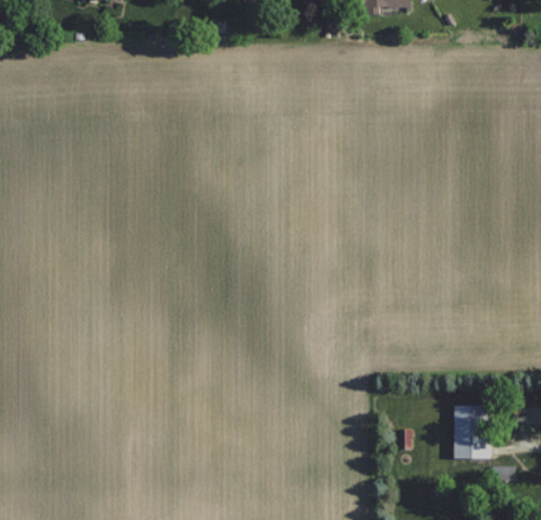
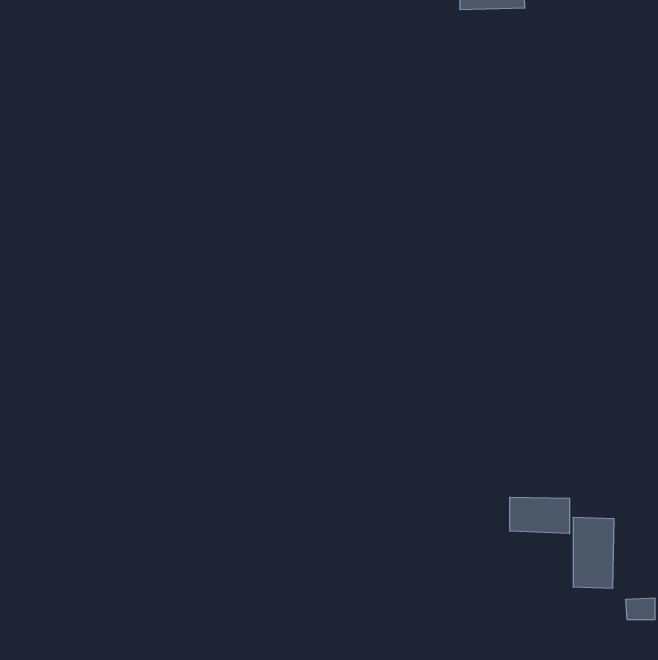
building: none -> [510,497,570,534]

